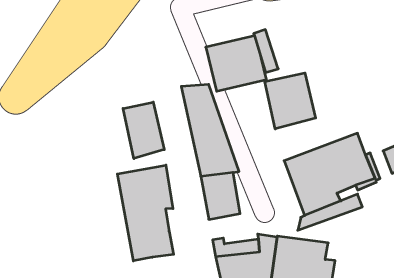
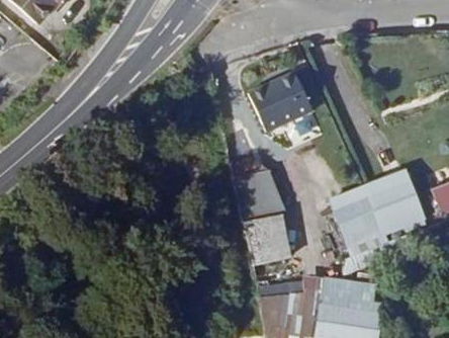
building: [265,73,316,129] -> none
building: [123,102,164,159] -> none
building: [117,165,174,261] -> none

